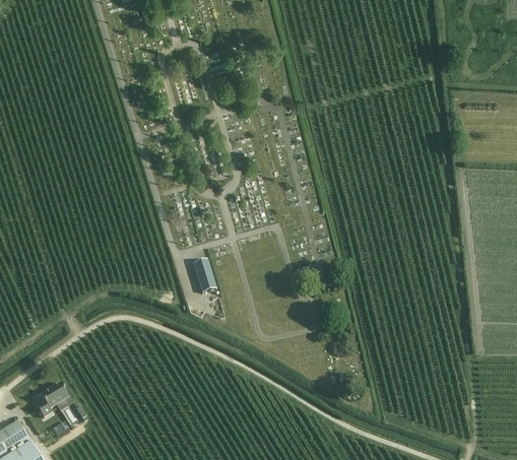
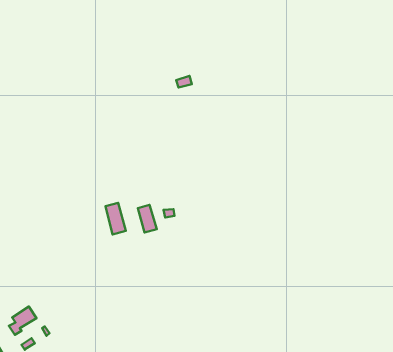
building: none -> [105,203,126,235]

